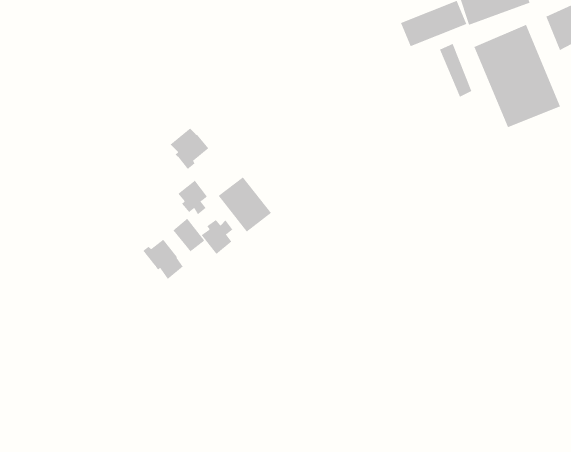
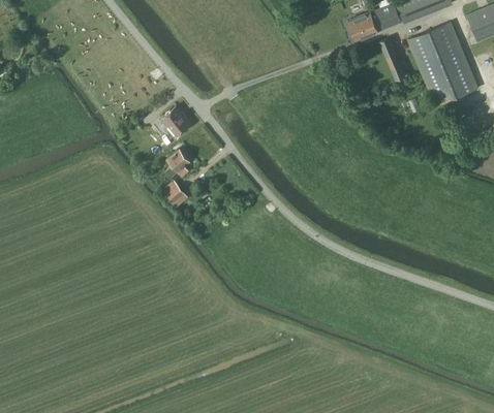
building: [218,176,272,232] -> none
building: [201,219,233,255] -> none
building: [143,239,184,280] -> none

